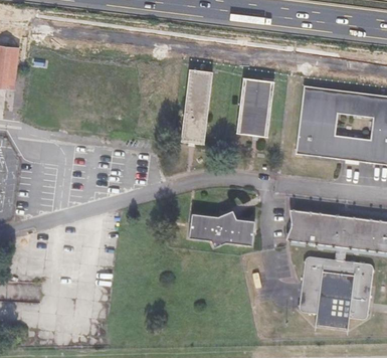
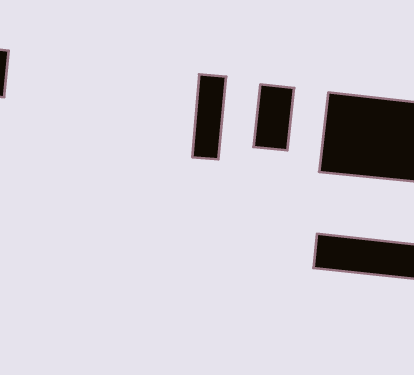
building: [191,213,255,246] -> none
building: [300,256,374,327] -> none

